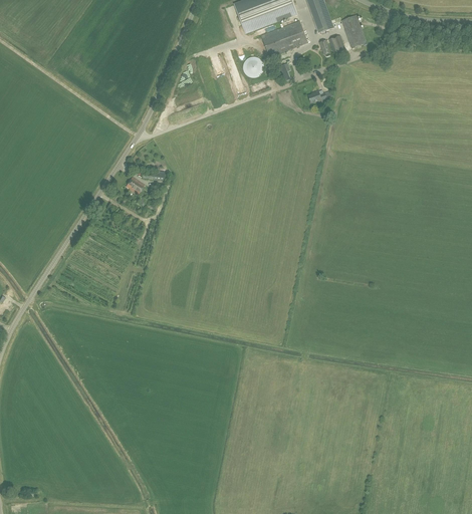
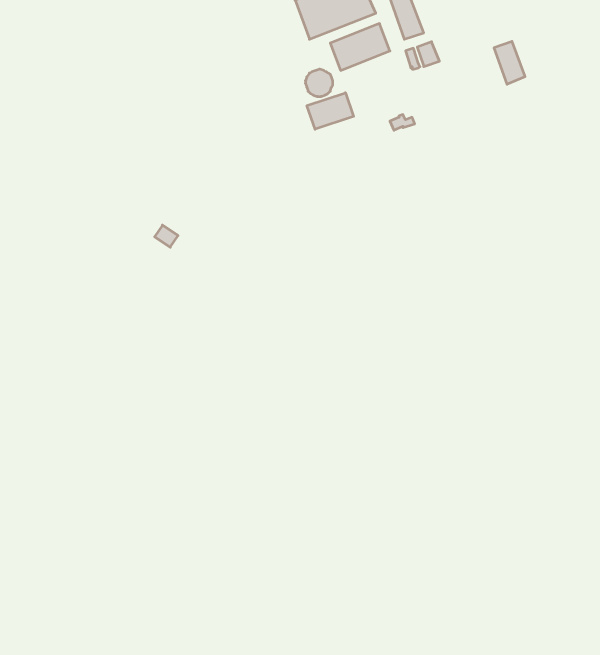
building: [341,14,366,47] -> [494,41,525,84]
building: none -> [307,93,354,129]

